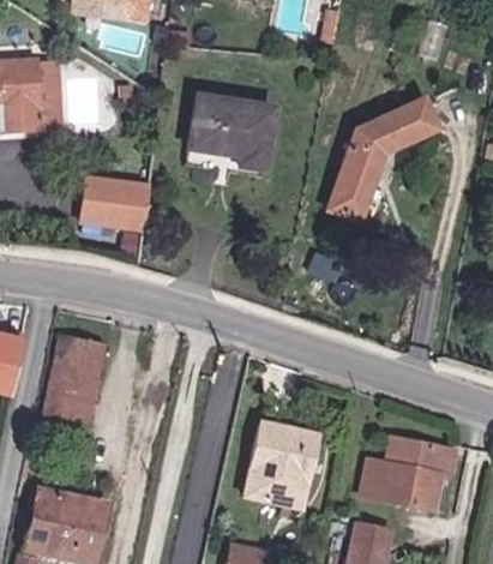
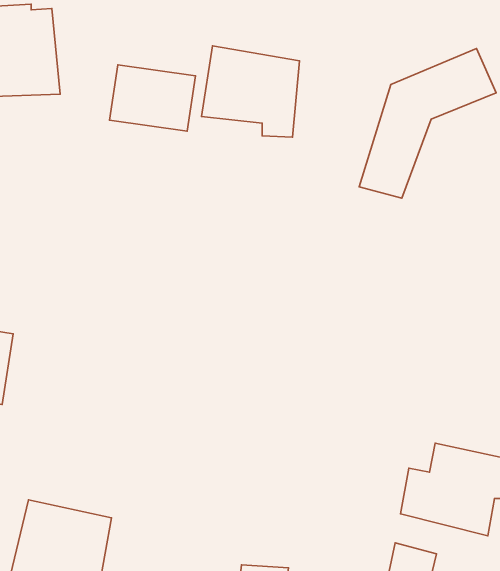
building: [76,176,150,234] -> [110,65,195,131]
building: [46,334,106,422] -> none
building: [241,419,319,510] -> none

